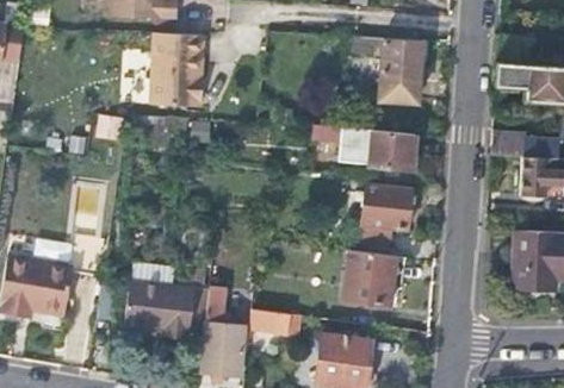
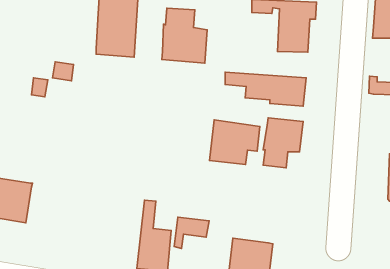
building: none -> [162,8,207,63]
building: [343,250,407,306] -> [210,120,260,164]
building: [131,281,202,339] -> none

